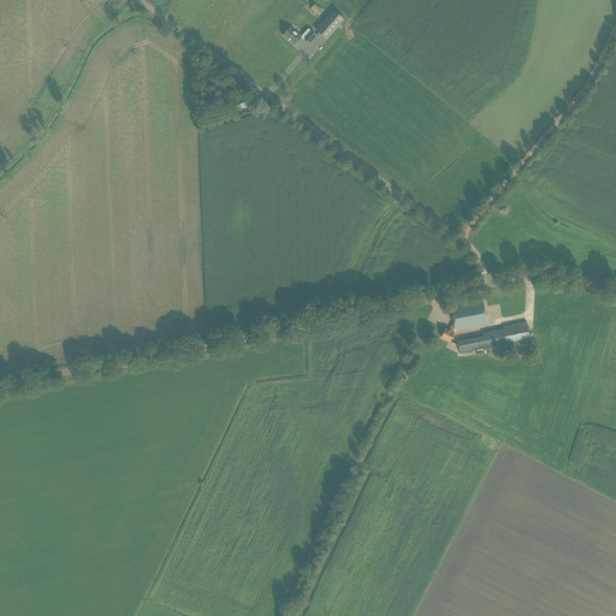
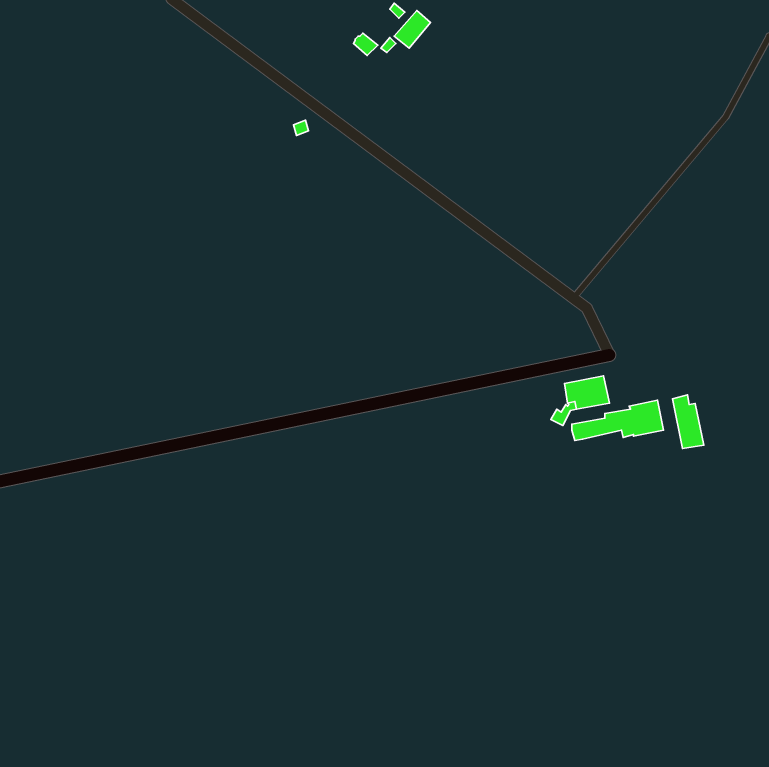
building: none -> [672,395,704,449]

